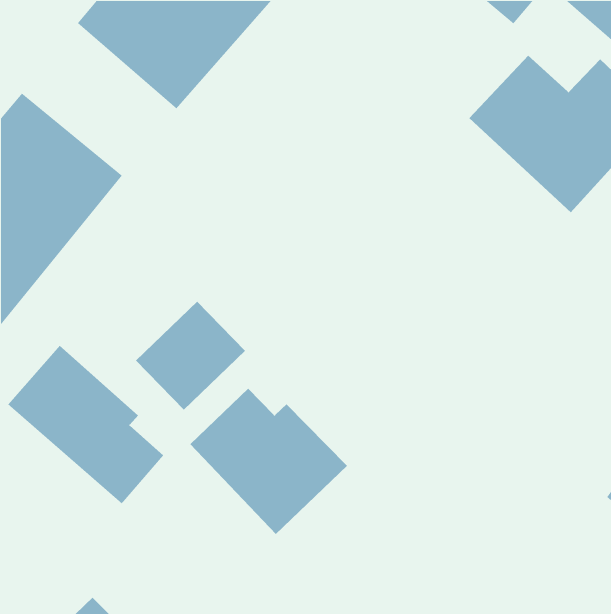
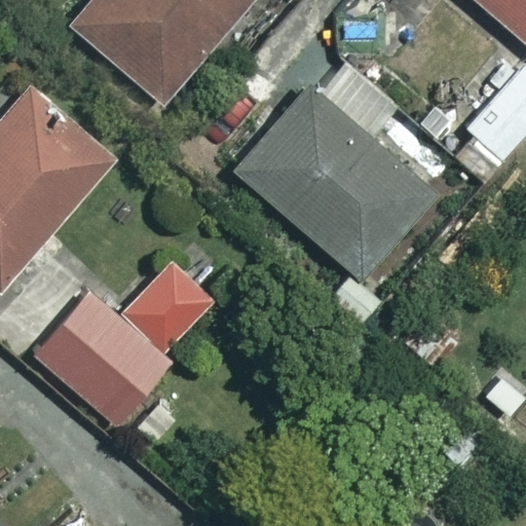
building: none -> [239,86,435,277]
building: [189,388,348,535] -> none

